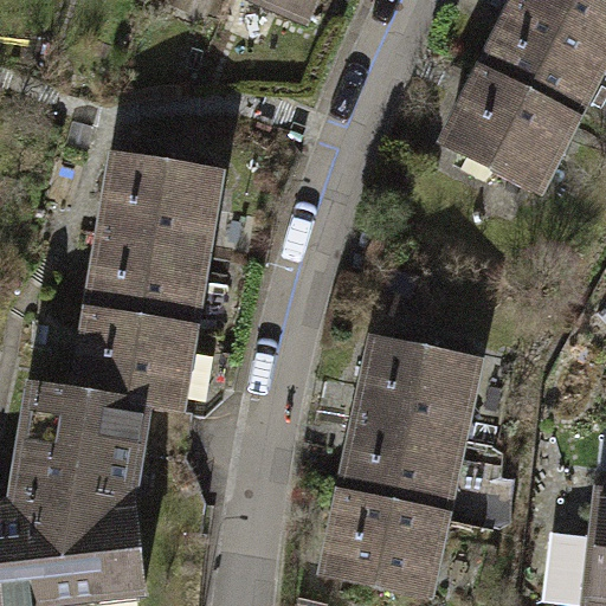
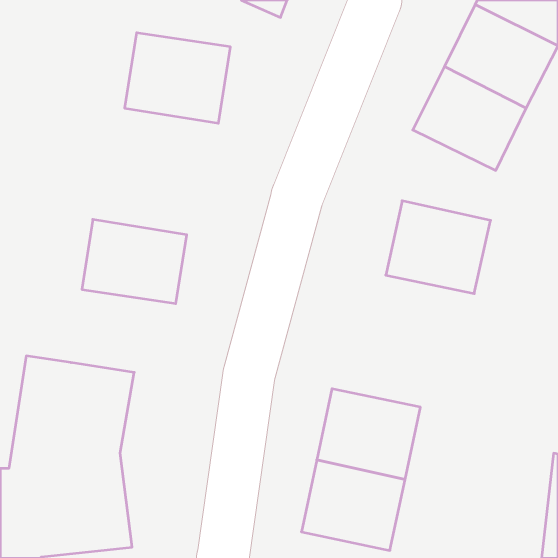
building: [101,156,215,254] -> [125,33,230,123]
building: [77,314,191,410] -> none
building: [360,341,473,441] -> [386,201,491,294]

